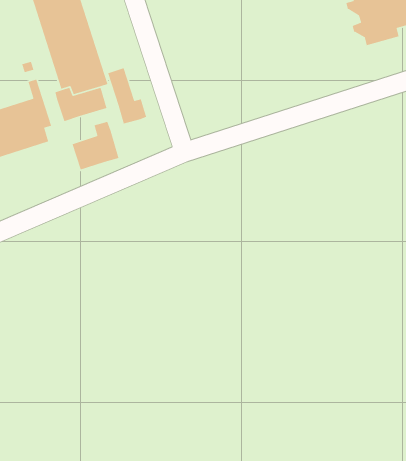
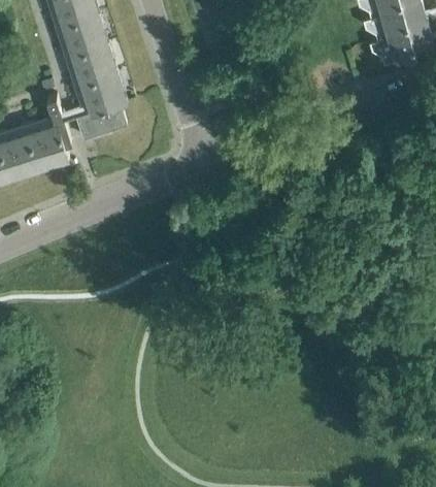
building: [107,67,147,125] -> none
building: [71,121,119,171] -> none

